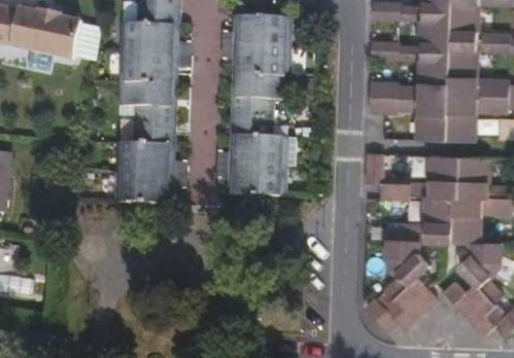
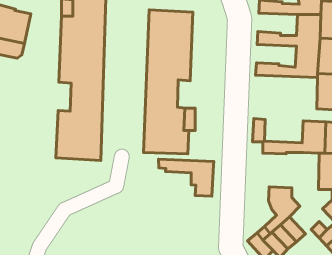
building: [371,97,450,140] -> none
building: [381,195,452,243] -> none
building: none -> [159,159,214,196]

